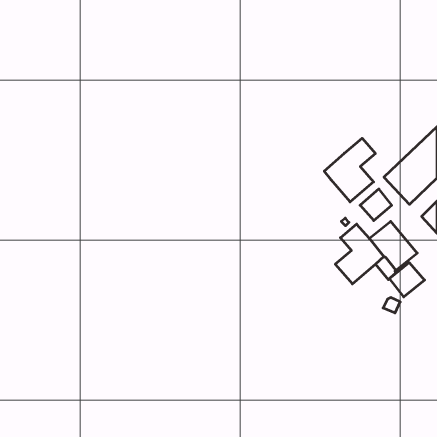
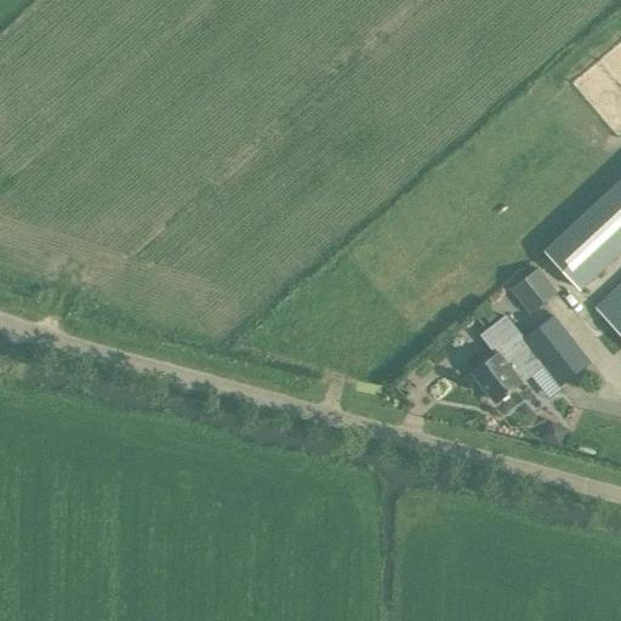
building: [324,138,375,202] -> none
building: [389,263,425,297] -> none

